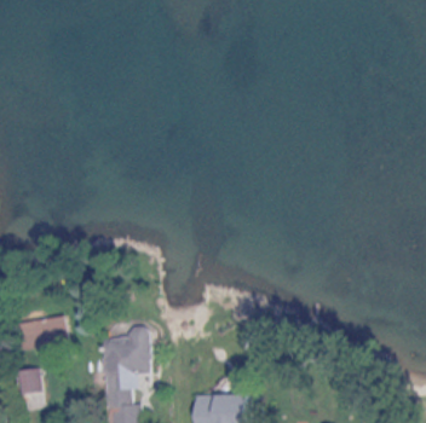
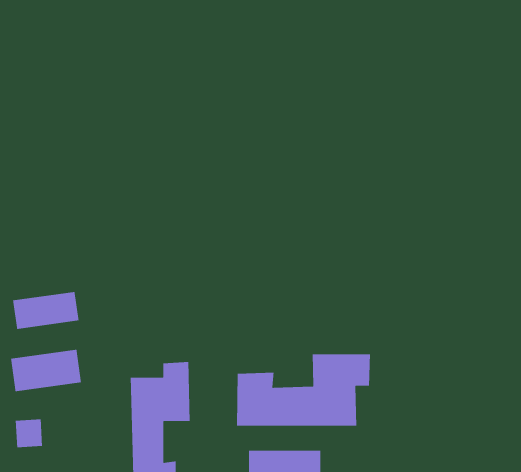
building: none -> [12,291,80,330]
building: none -> [236,353,371,427]

